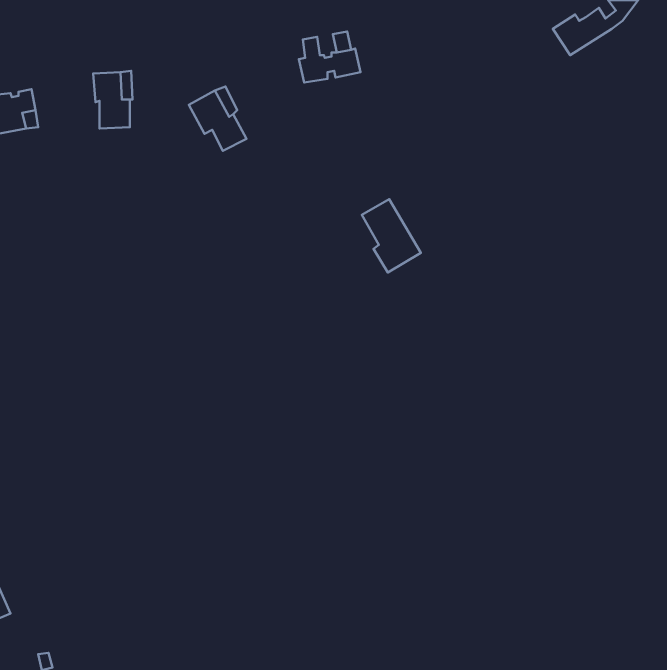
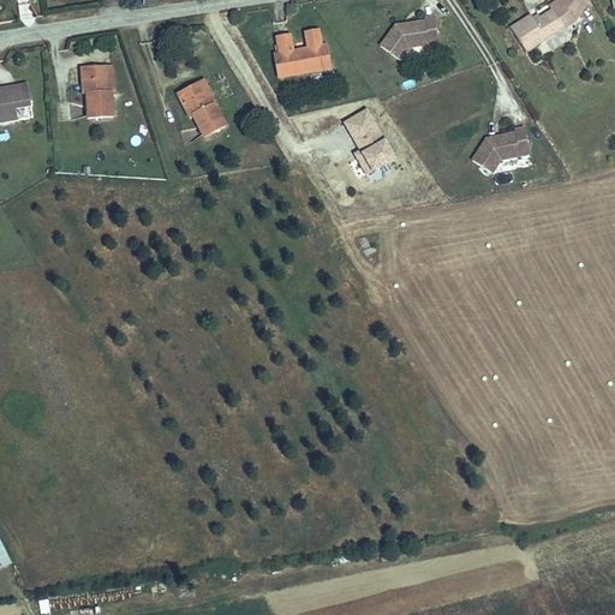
building: none -> [380,16,435,59]
building: none -> [470,125,526,171]
building: [362,199,421,272] -> [340,107,394,174]

